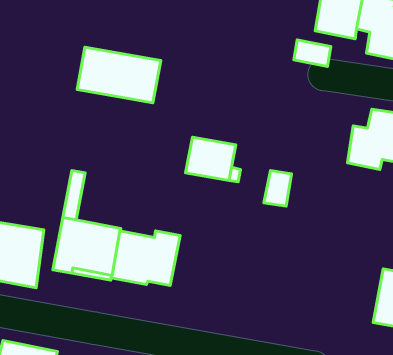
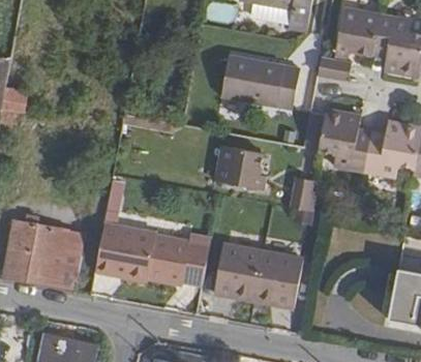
building: [77,47,161,103] -> [221,56,299,108]
building: none -> [319,110,371,171]
building: none -> [217,243,303,306]

